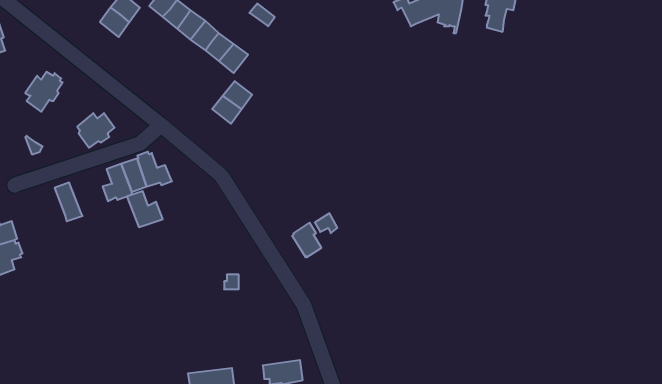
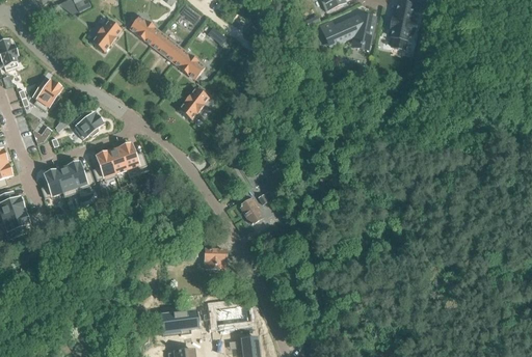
building: none -> [41,168,63,198]
building: [127,191,163,227] -> [66,162,95,190]
building: none -> [204,250,225,269]

